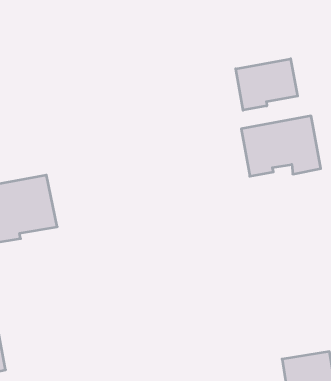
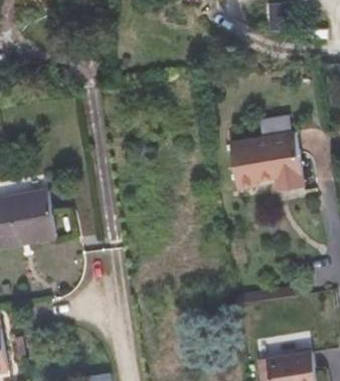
building: [236,59,298,110] -> none

